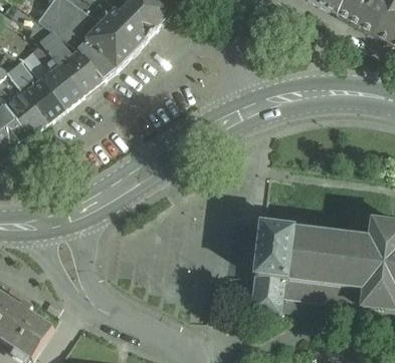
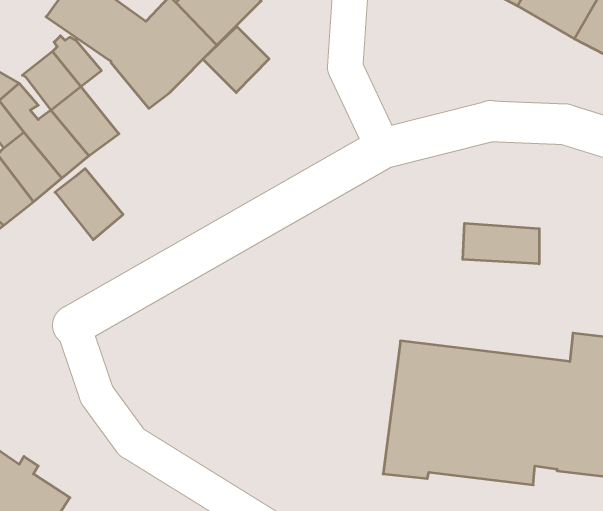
building: none -> [203,27,269,93]
building: [60,48,104,93] -> [55,169,123,240]
building: none -> [463,223,539,264]

